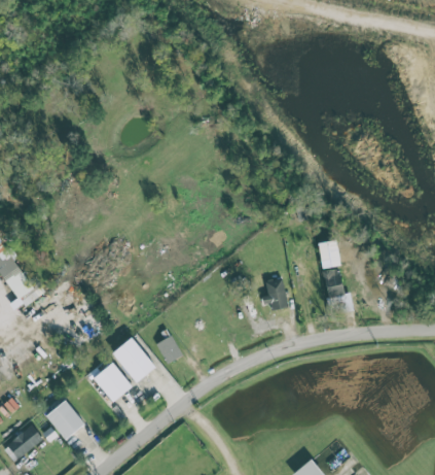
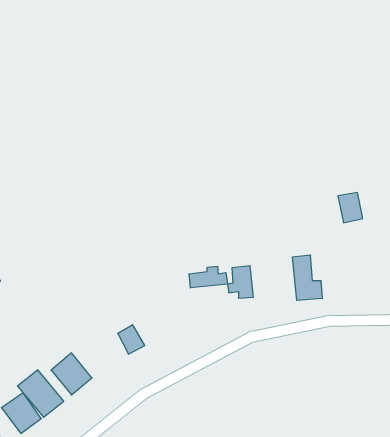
building: [317,240,340,269] -> [338,193,363,223]
building: none -> [189,266,228,288]
building: [111,337,155,382] -> [17,370,64,417]

